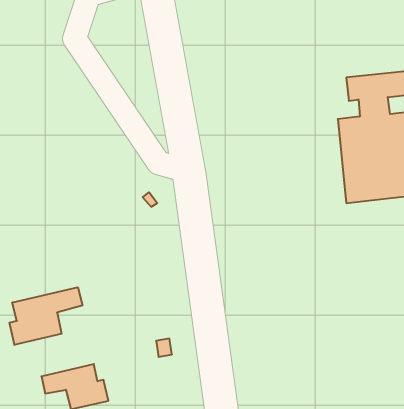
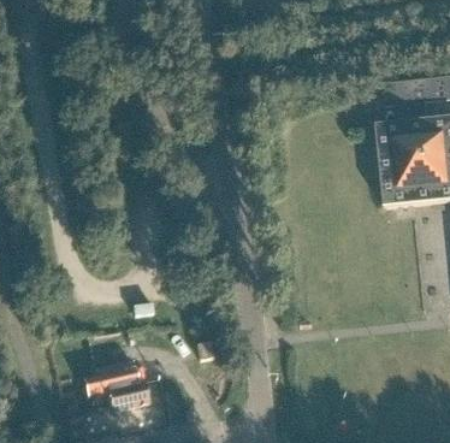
building: [9,287,82,345] -> none

